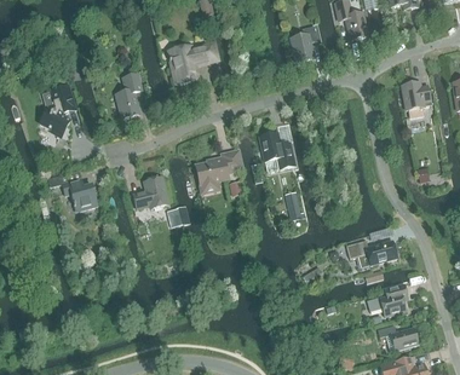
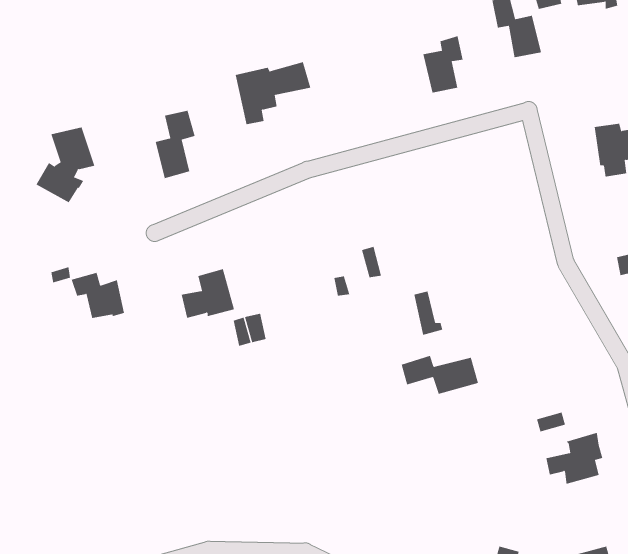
building: [259,133,297,169] -> none
building: [195,151,241,192] -> none
building: [346,240,397,265] -> [401,355,479,394]
building: [378,325,418,351] -> none

